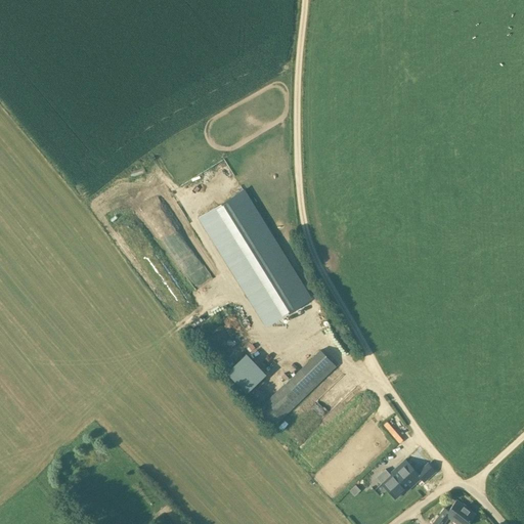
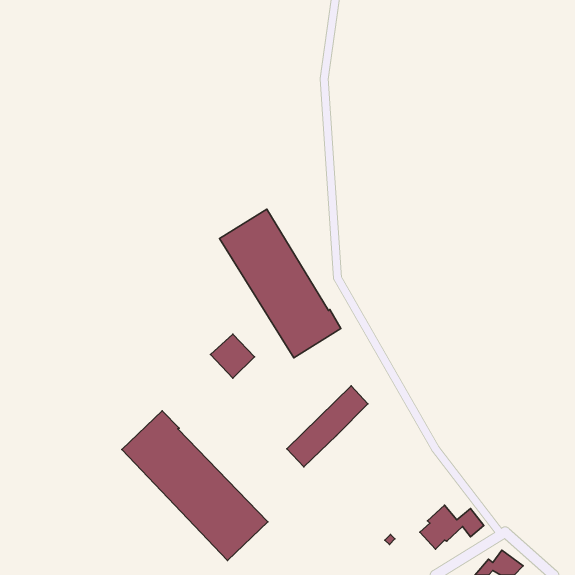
building: [227,353,267,393] -> [210,334,254,378]
building: none -> [122,411,268,561]

